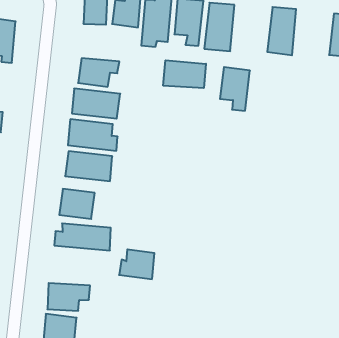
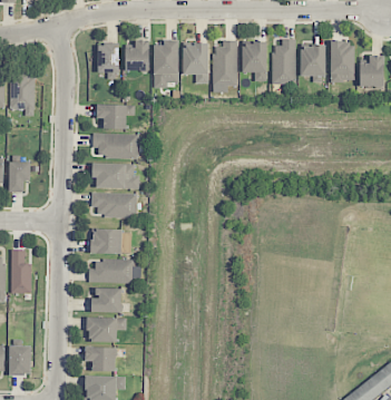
building: none -> [301,45,325,77]
building: [163,60,206,88] -> none
building: [220,67,250,111] -> [242,42,267,81]
building: [119,249,154,279] -> [90,287,121,313]

